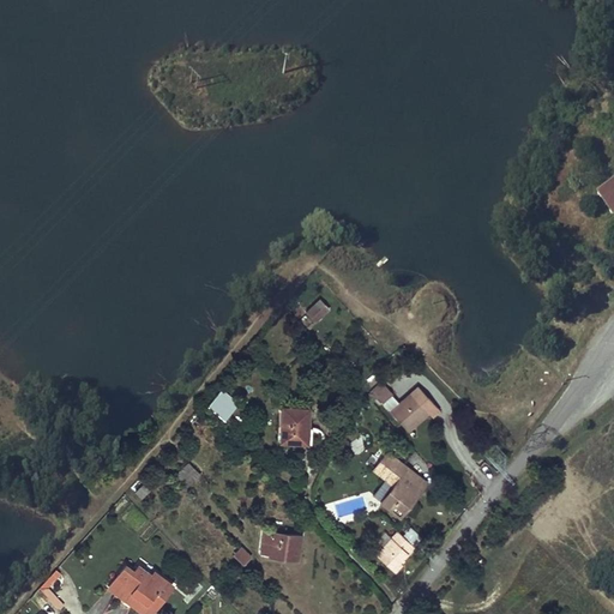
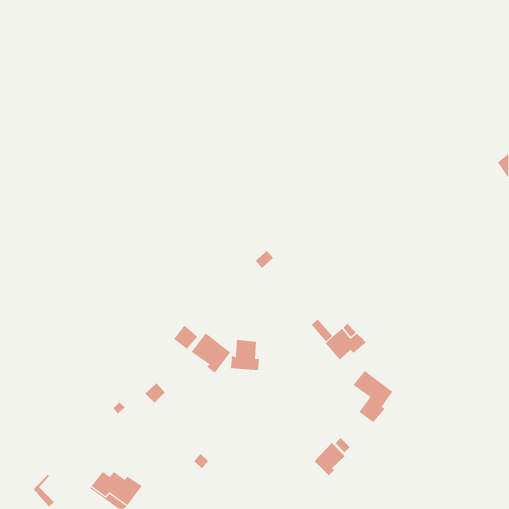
building: none -> [191,332,231,373]
building: [374,455,423,518] -> [352,370,393,423]
building: [261,534,301,564] -> none

